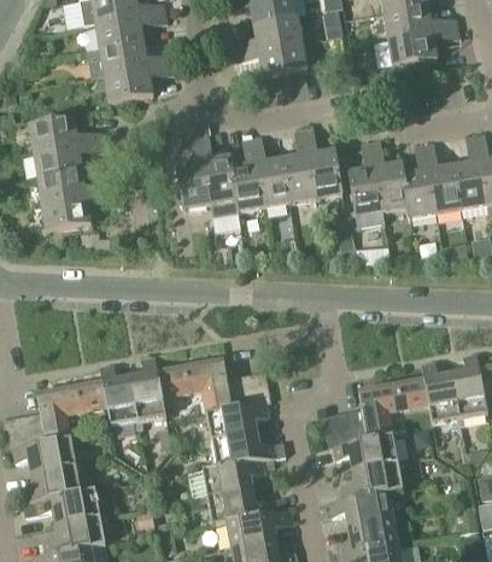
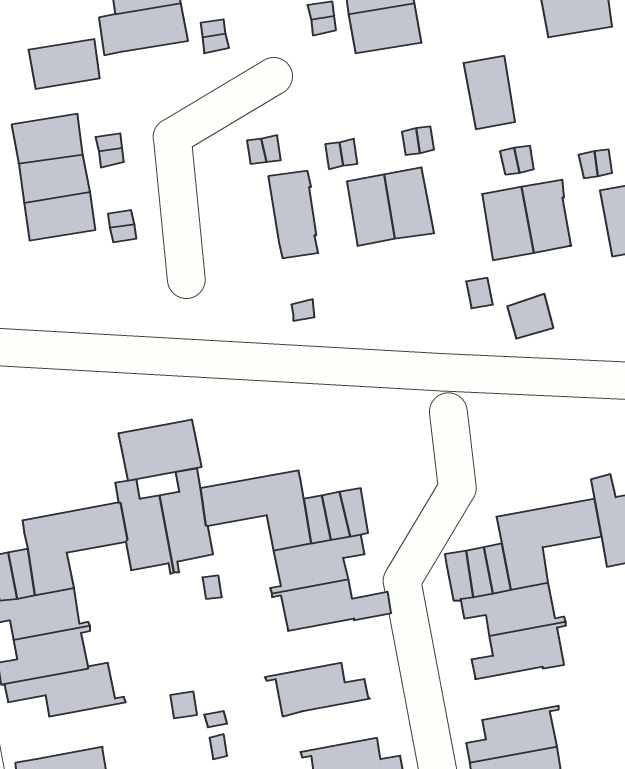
building: [105,68,153,101] -> [28,39,100,89]
building: [308,148,342,198] -> [463,56,515,129]
building: [176,159,211,209] -> none
building: [232,163,264,211] -> none
building: [403,169,437,218] -> none
building: [42,195,92,230] -> none
building: none -> [119,419,201,481]
building: [201,458,264,498] -> none
building: [330,491,400,527] -> none
building: [225,508,295,549] -> none
building: [45,515,107,554] -> none

